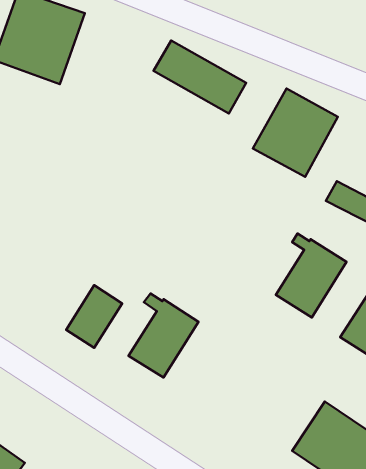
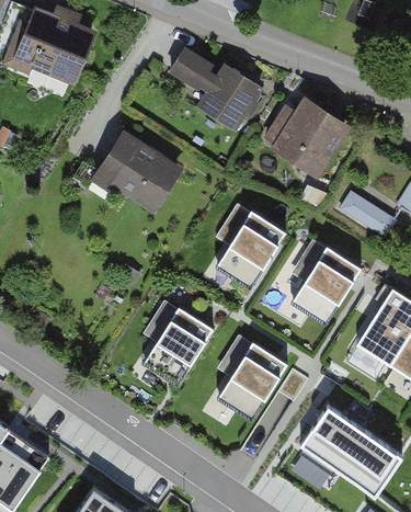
building: none -> [88,133,180,223]
building: none -> [214,204,285,288]
building: [66,285,122,348] -> none
building: none -> [215,335,286,419]

